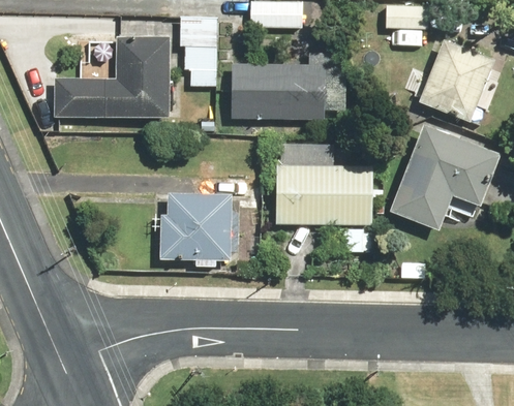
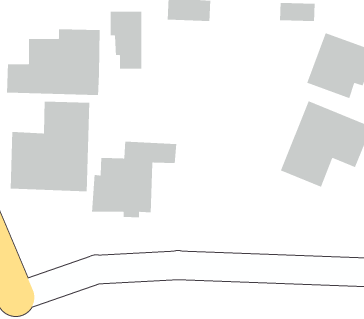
building: [230,61,347,120] -> none
building: none -> [10,101,90,192]
building: [273,160,375,251] -> none

